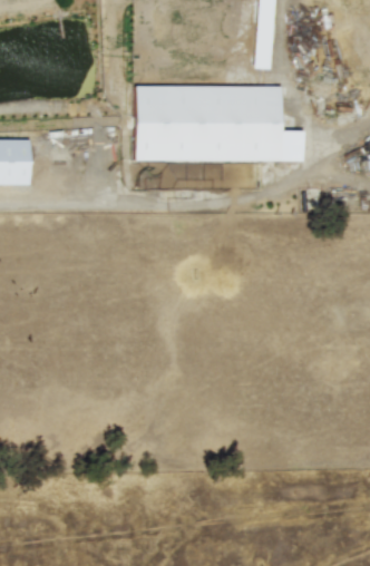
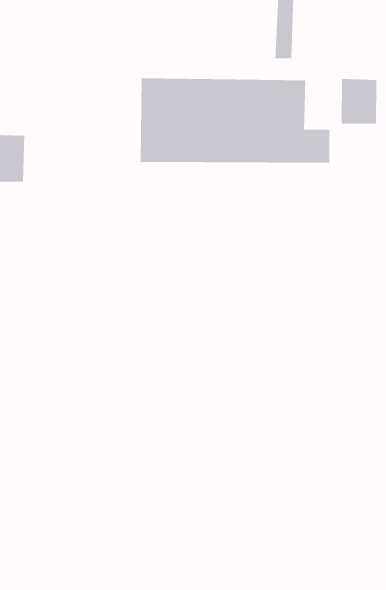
building: none -> [341,78,377,125]

